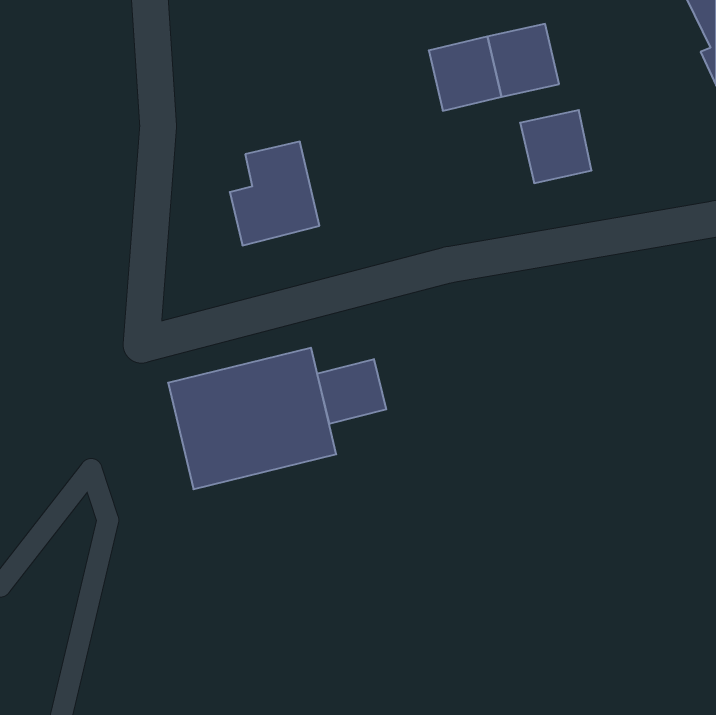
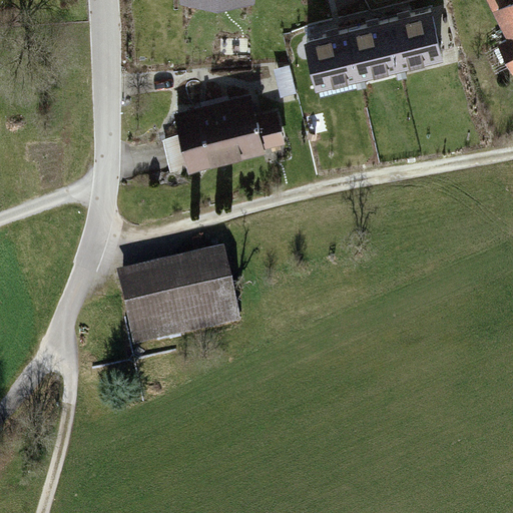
building: [520,110,592,183] -> [390,8,441,60]
building: none -> [214,91,288,161]
building: [317,359,386,424] -> none

